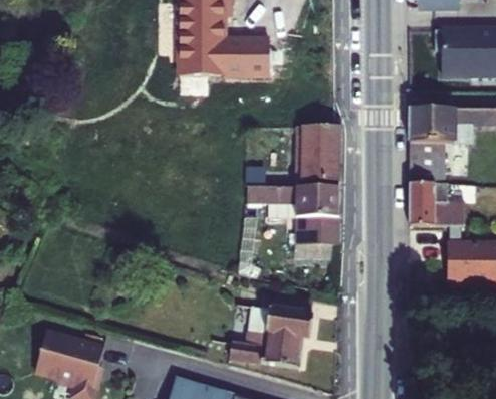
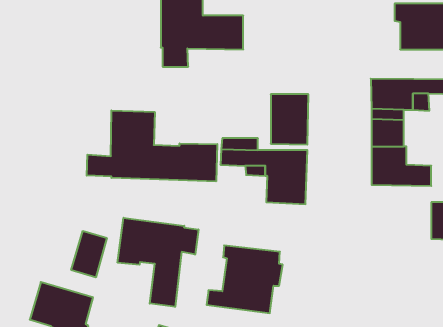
building: none -> [87,110,217,181]
building: [447,244,475,284] -> none
building: none -> [118,218,198,307]
building: none -> [71,231,107,277]

